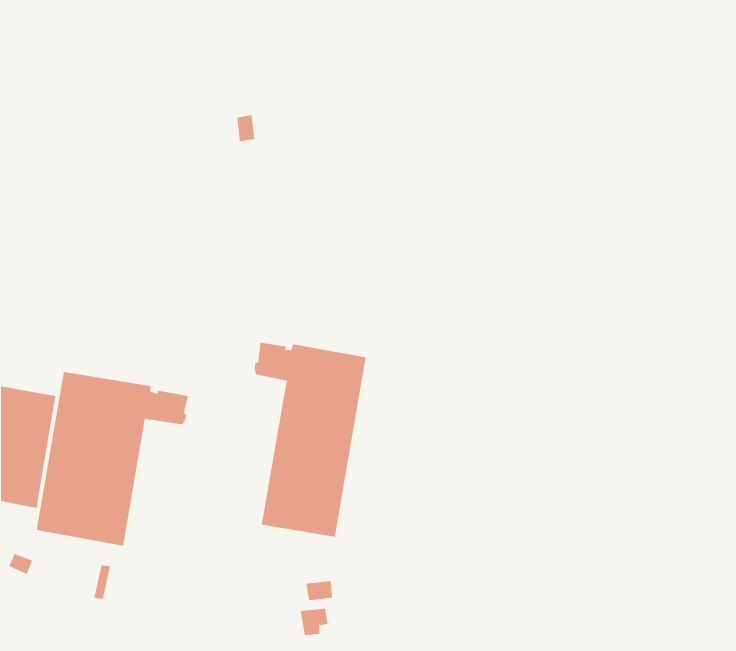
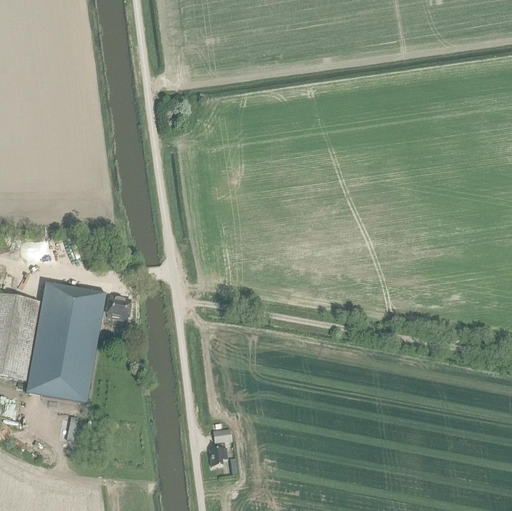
building: [254,342,366,537] -> none

